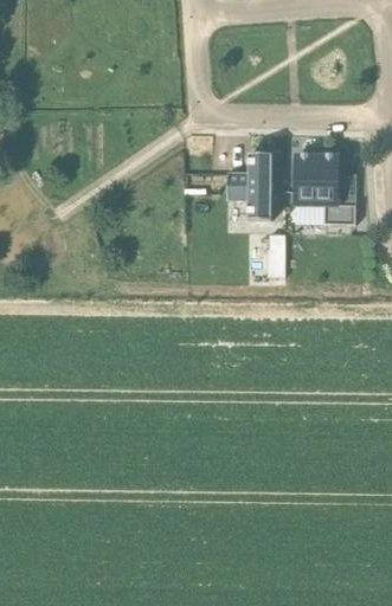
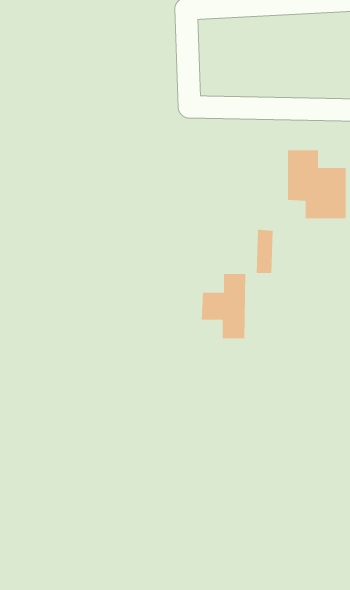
building: [226,153,272,219] -> [201,274,246,339]

